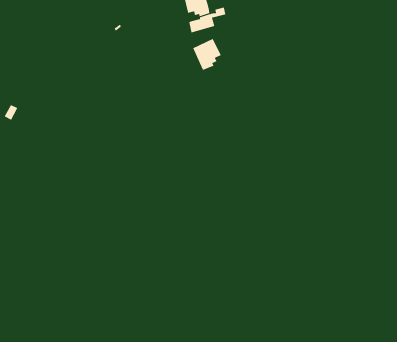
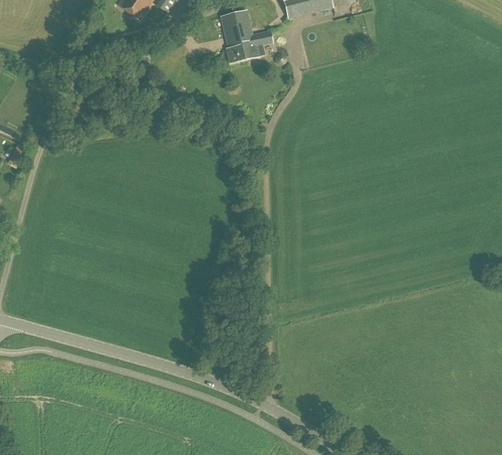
building: [193,38,221,71] -> none

